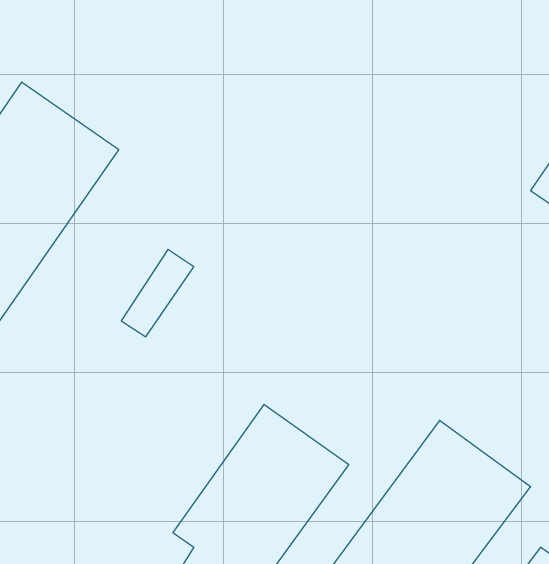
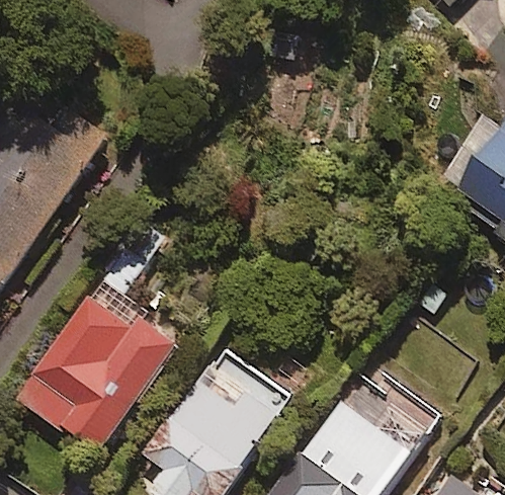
building: none -> [17,293,172,455]

